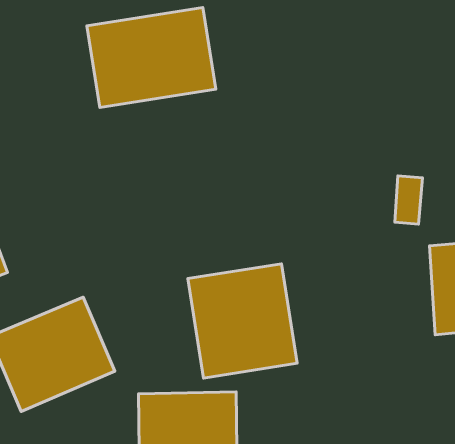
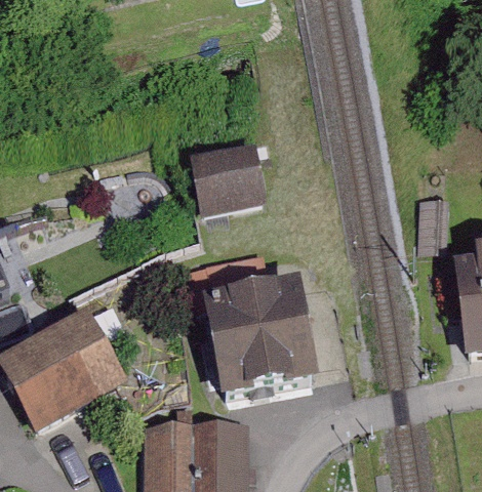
building: [87,7,216,108] -> none
building: none -> [192,150,265,210]

